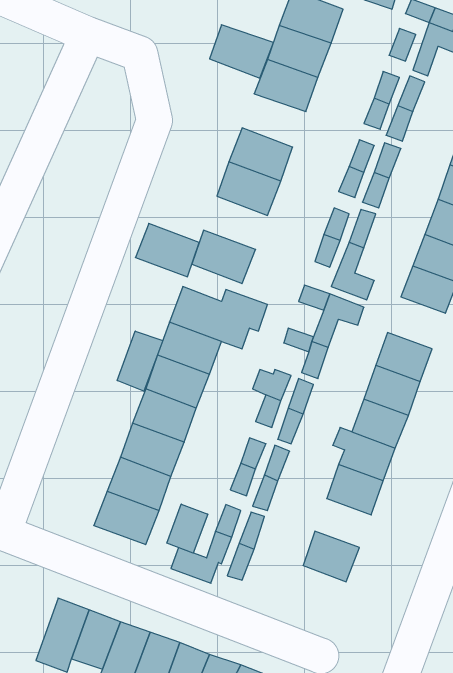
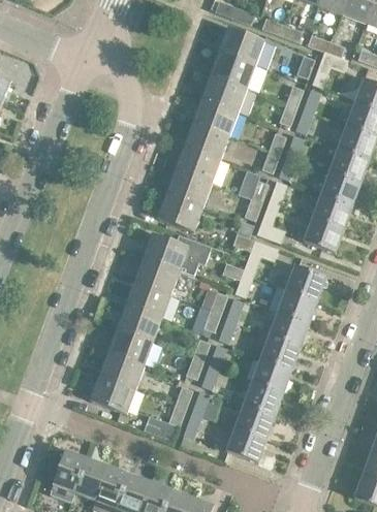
building: [210,25,273,78] -> [193,99,238,136]
building: [135,223,199,277] -> [166,170,211,207]
building: [117,331,163,391] -> none
building: none -> [244,381,283,415]
building: [167,504,208,553] -> none
building: none -> [226,427,265,461]

